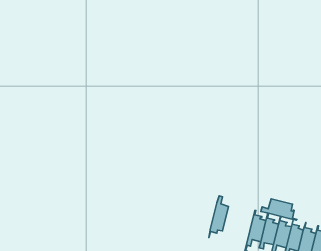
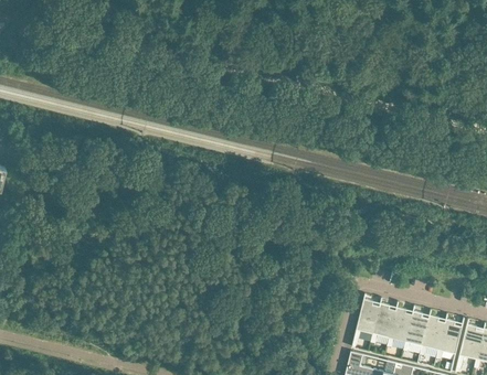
building: [209,196,228,237] -> none
building: [261,199,297,220] -> none

